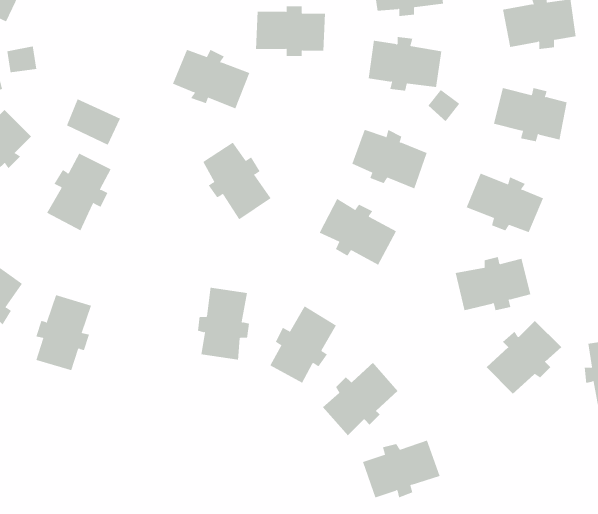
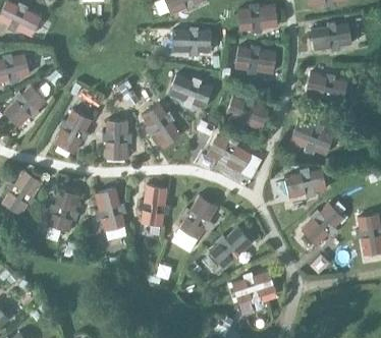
building: [172,49,250,109] -> [168,75,212,109]
building: none -> [102,120,131,160]
building: none -> [95,188,125,231]

